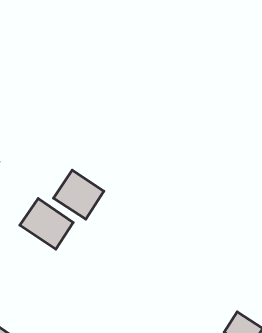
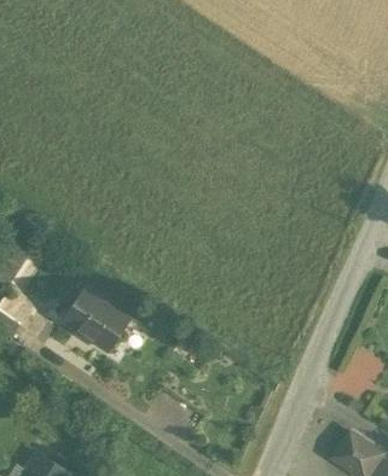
building: [53,170,104,219] -> none

